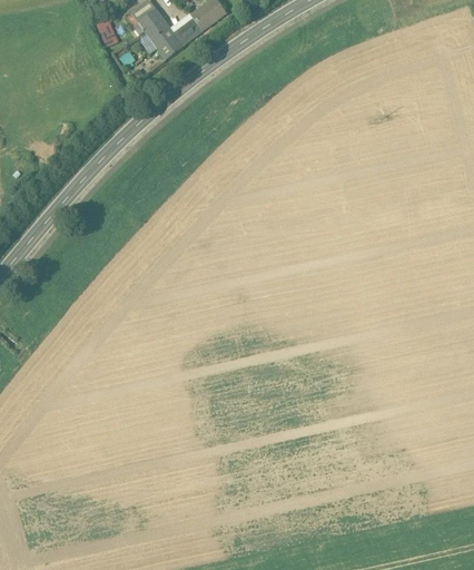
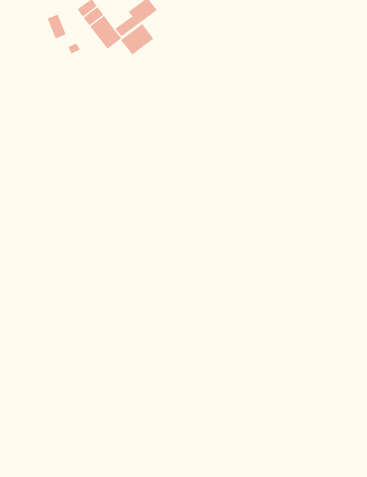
building: none -> [120,23,154,56]

